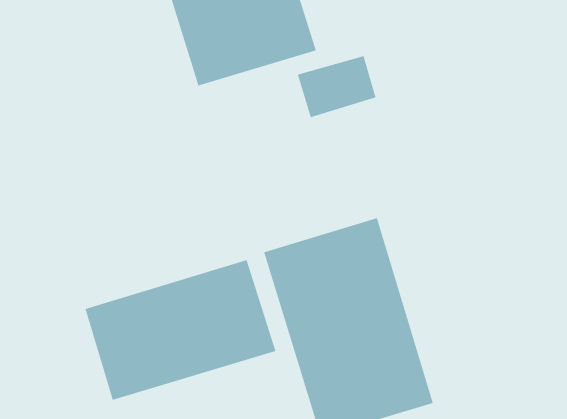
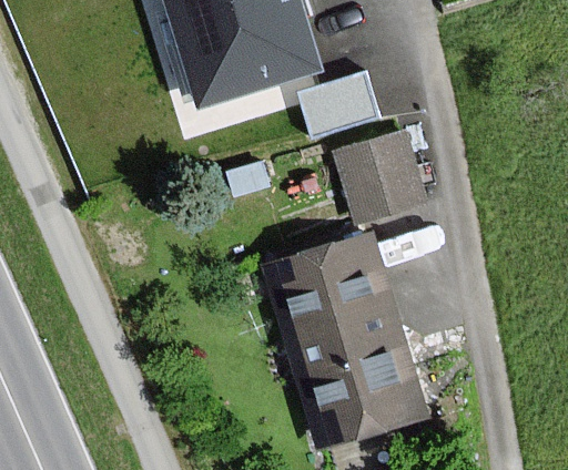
building: none -> [334,131,428,226]
building: [84,259,276,401] -> none

